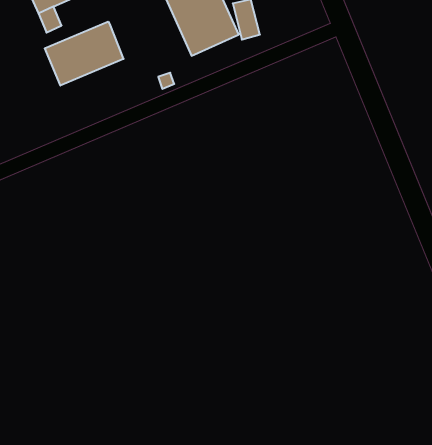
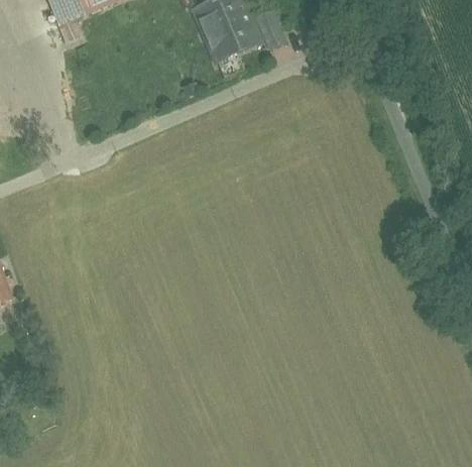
building: [45,22,124,86] -> none

